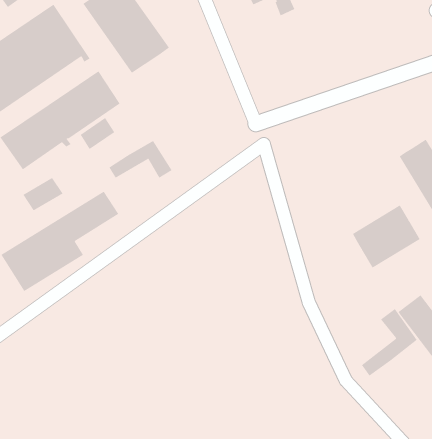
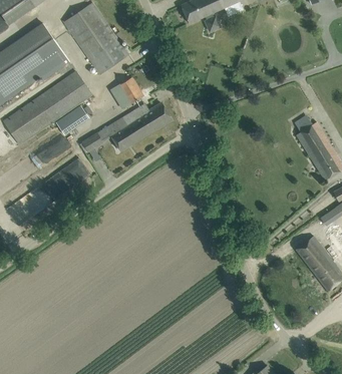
building: none -> [109,76,142,109]
building: none -> [115,103,170,144]
building: [352,204,420,268] -> none
building: [361,308,418,376] -> none

